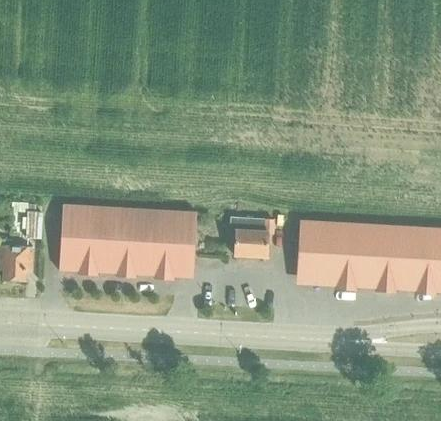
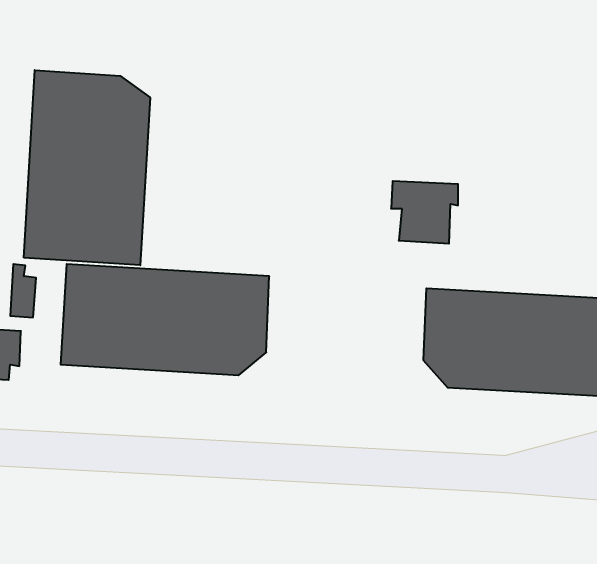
building: none -> [24,70,150,265]
building: [229,217,273,258] -> [391,181,458,244]

